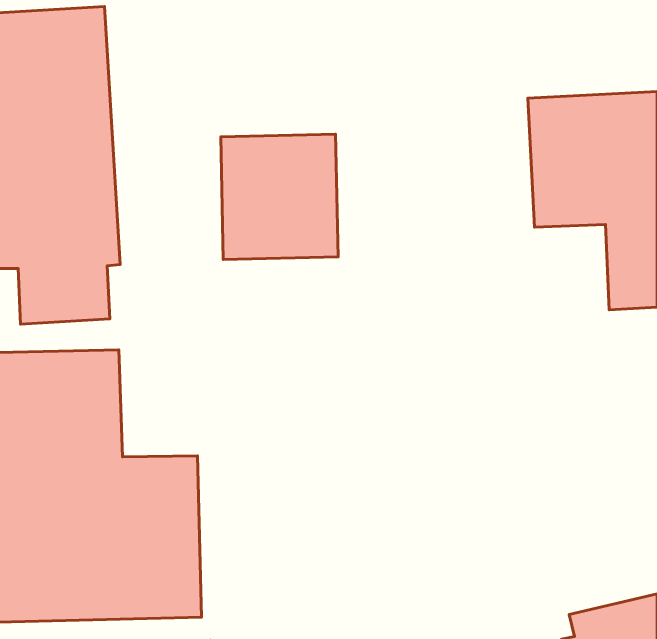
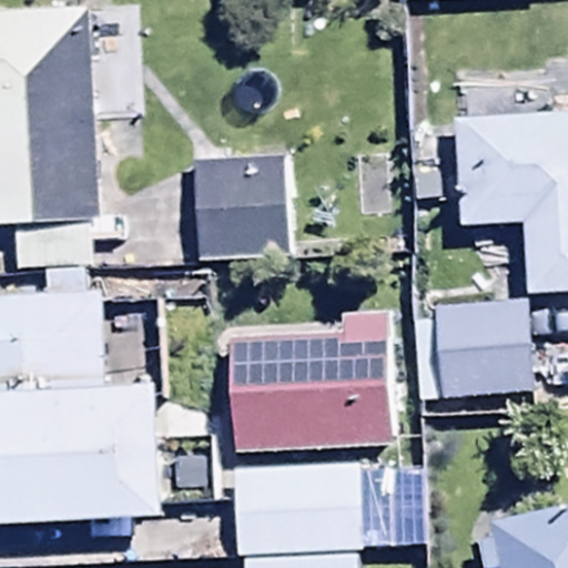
building: none -> [226,295,393,430]
building: none -> [440,326,532,424]
building: none -> [230,445,368,536]

